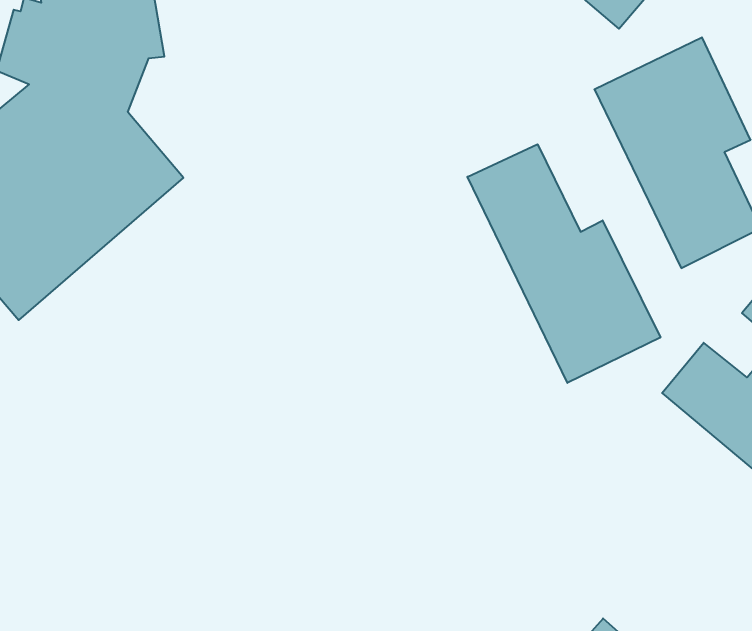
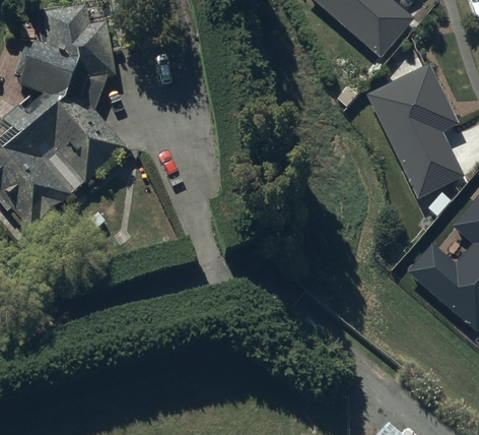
building: [467,144,660,383] -> none

